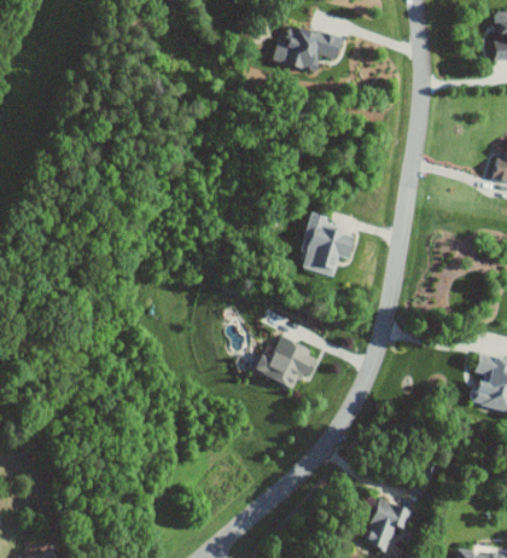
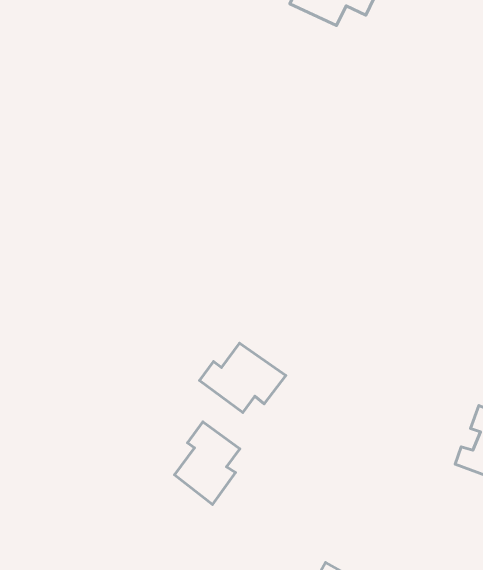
building: [302,211,356,275] -> none
building: none -> [174,422,240,505]

